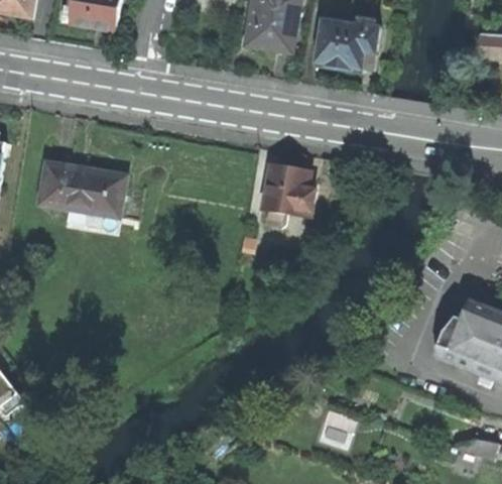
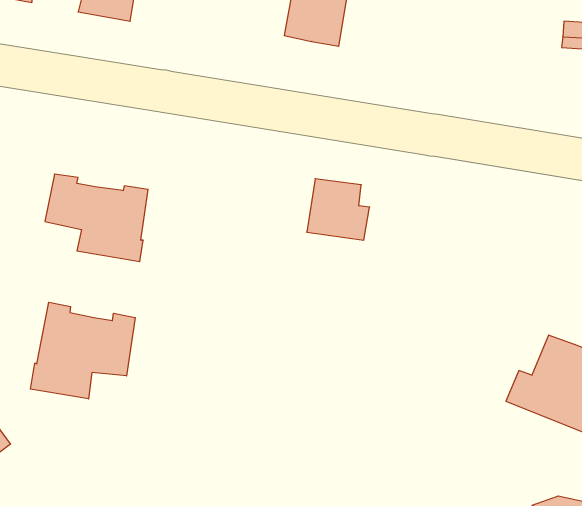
building: [315,16,378,72] -> none
building: none -> [30,302,135,399]

